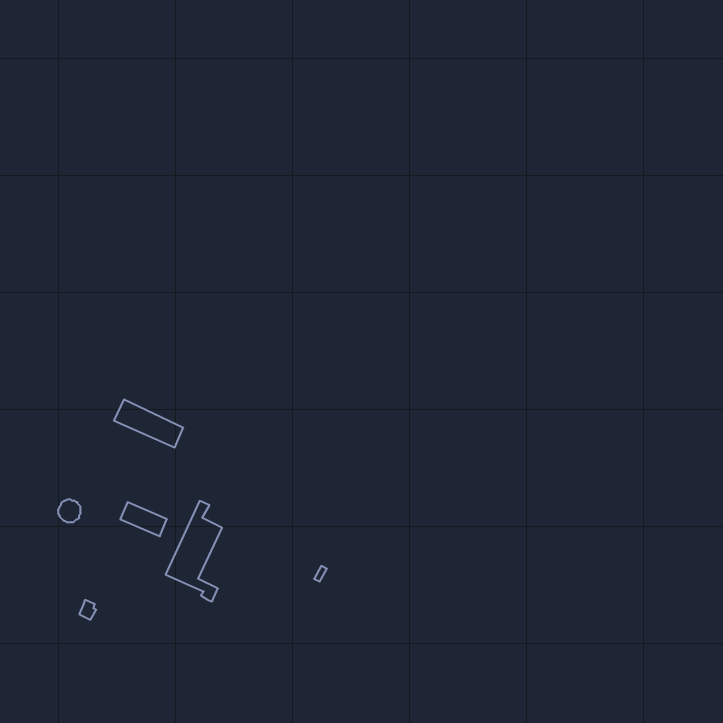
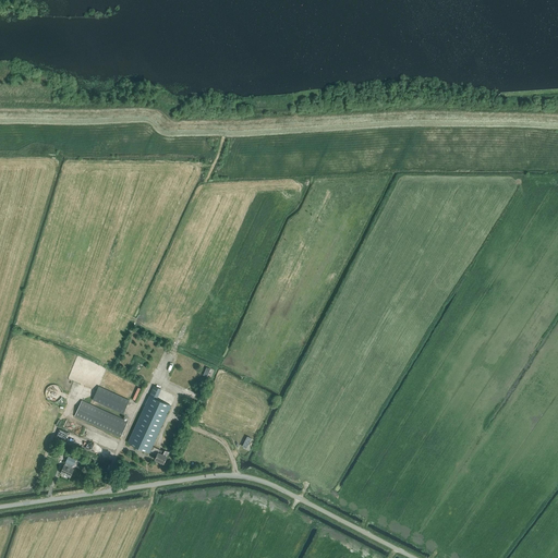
building: [114,399,183,448] -> [74,400,128,437]

